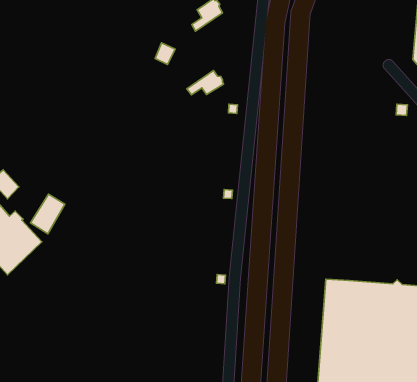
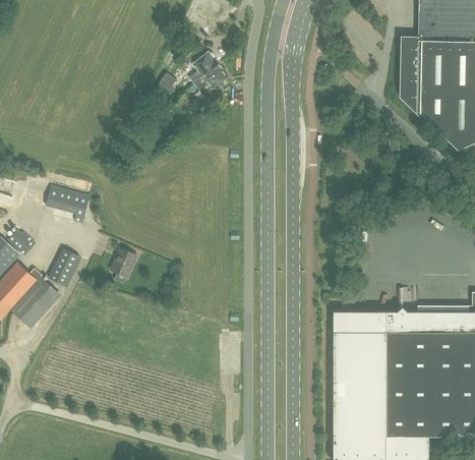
building: [187,71,223,95] -> [193,64,228,89]
building: none -> [46,185,90,222]
building: none -> [112,247,137,277]

